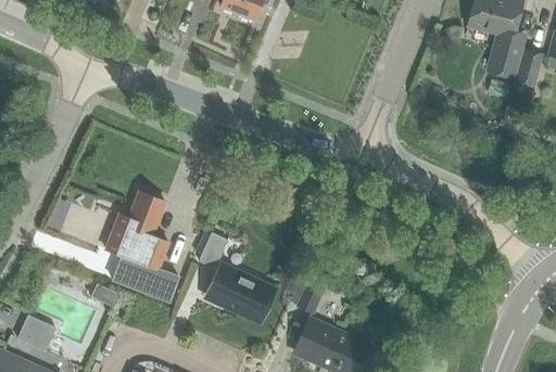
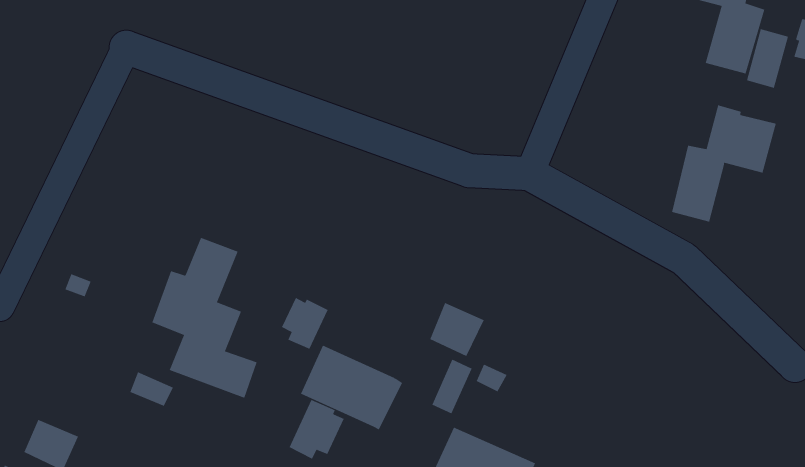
building: none -> [671,104,777,223]
building: none -> [429,302,485,357]
building: none -> [289,399,344,459]

